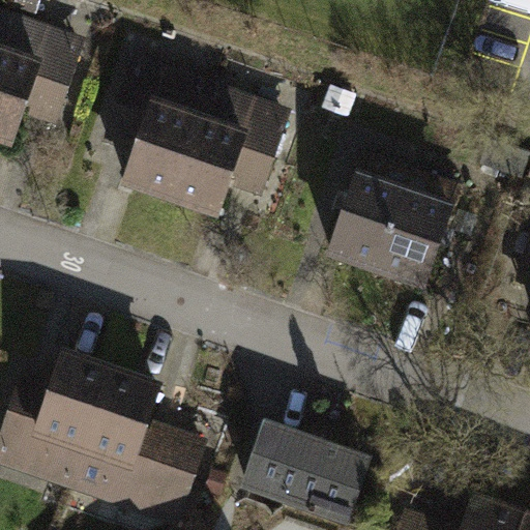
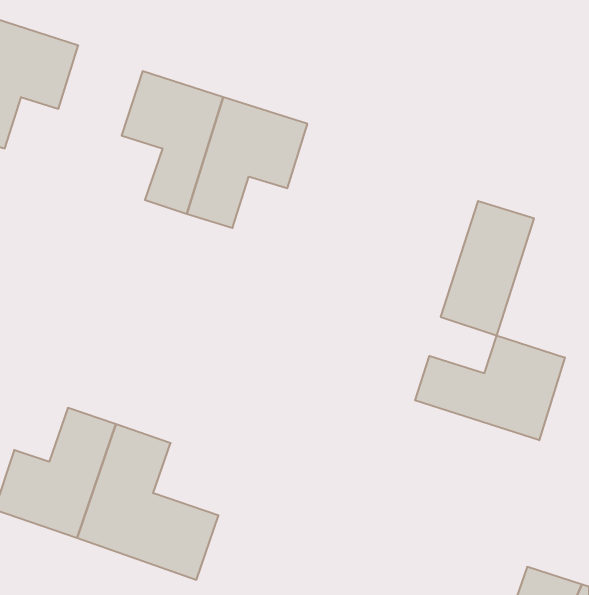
building: [341,164,423,283] -> none
building: none -> [415,335,565,440]
building: [242,425,371,524] -> none

